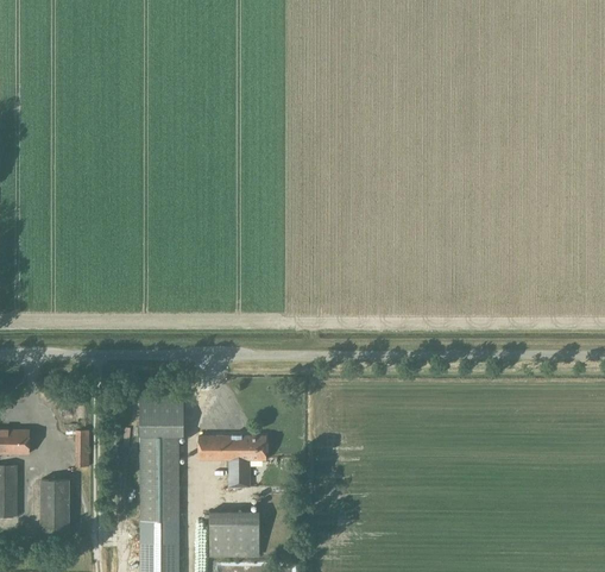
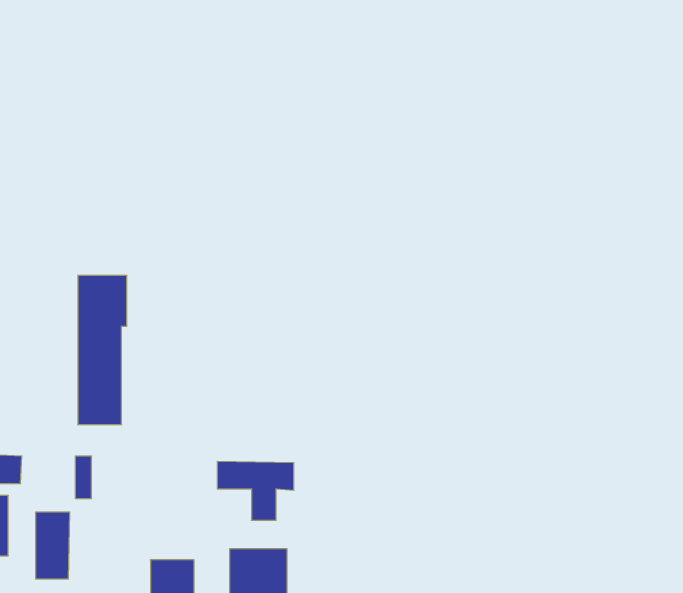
building: [140,392,183,522] -> [78,276,127,425]

